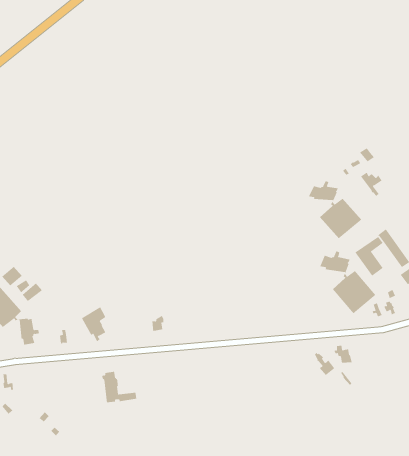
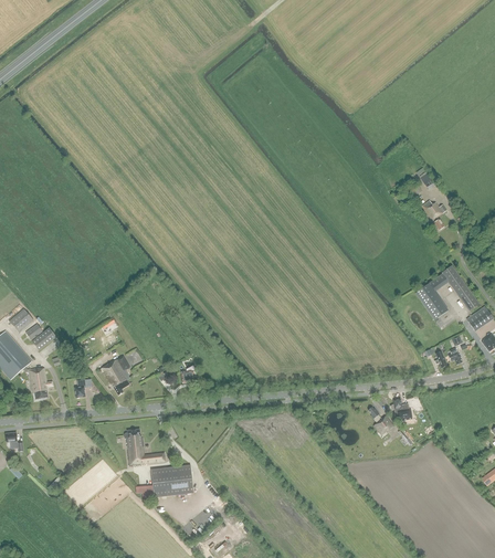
building: [308,181,362,239] -> none
building: [320,251,376,314] -> none
building: none -> [150,464,193,496]

